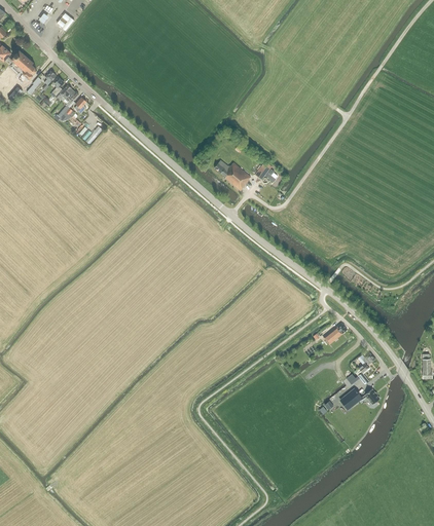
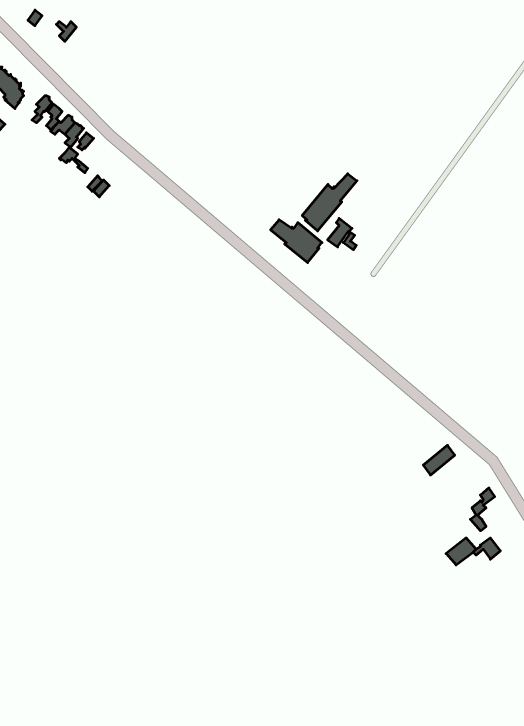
building: none -> [302,174,357,231]

